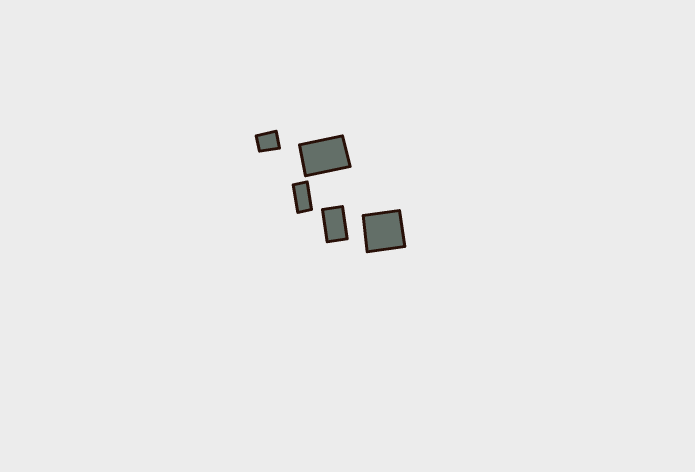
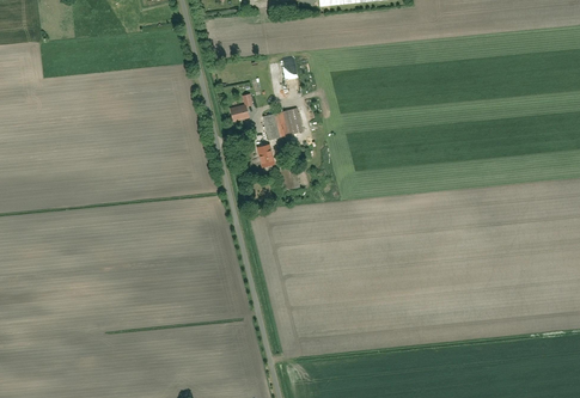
building: [363,211,405,252] -> none

